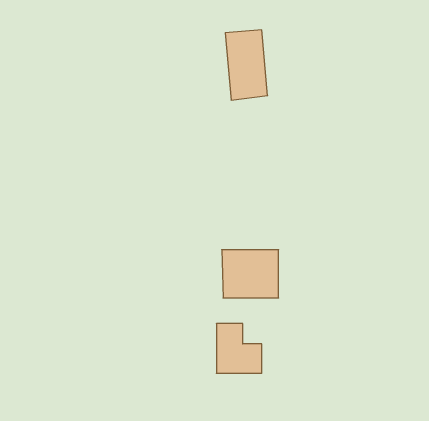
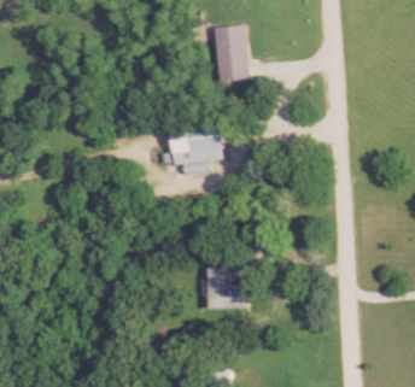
building: [222,250,279,298] -> [173,124,220,164]

